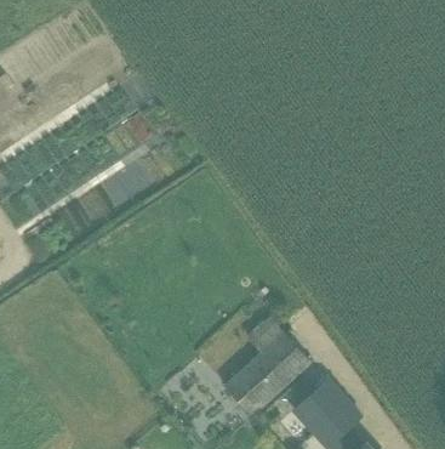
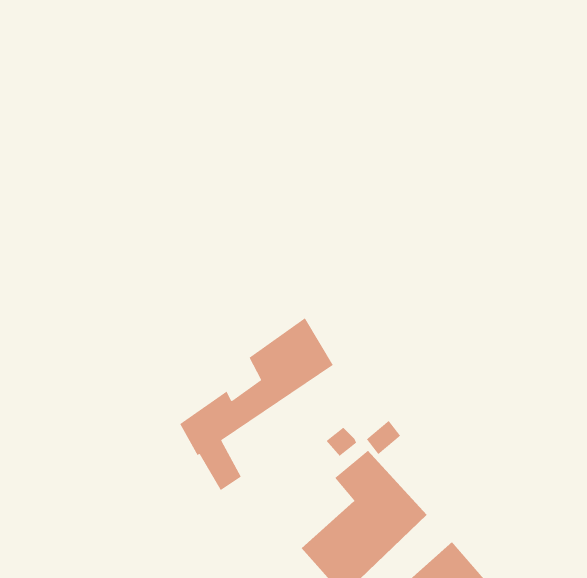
building: none -> [179,317,334,491]

